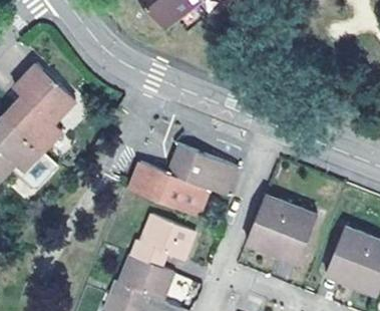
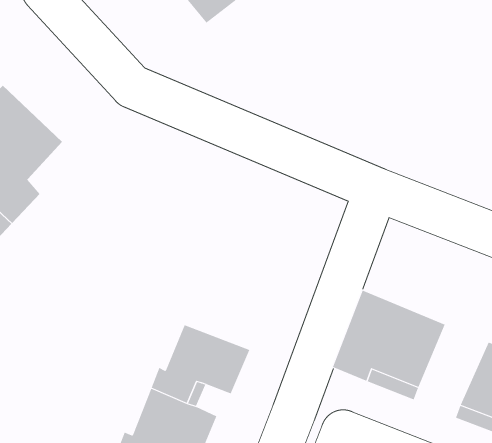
building: [126,142,238,218] -> none

